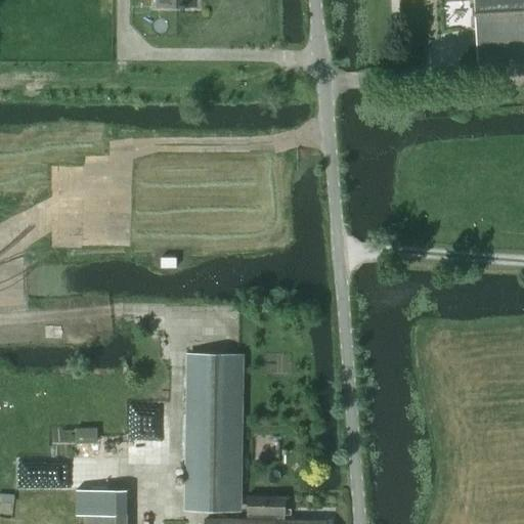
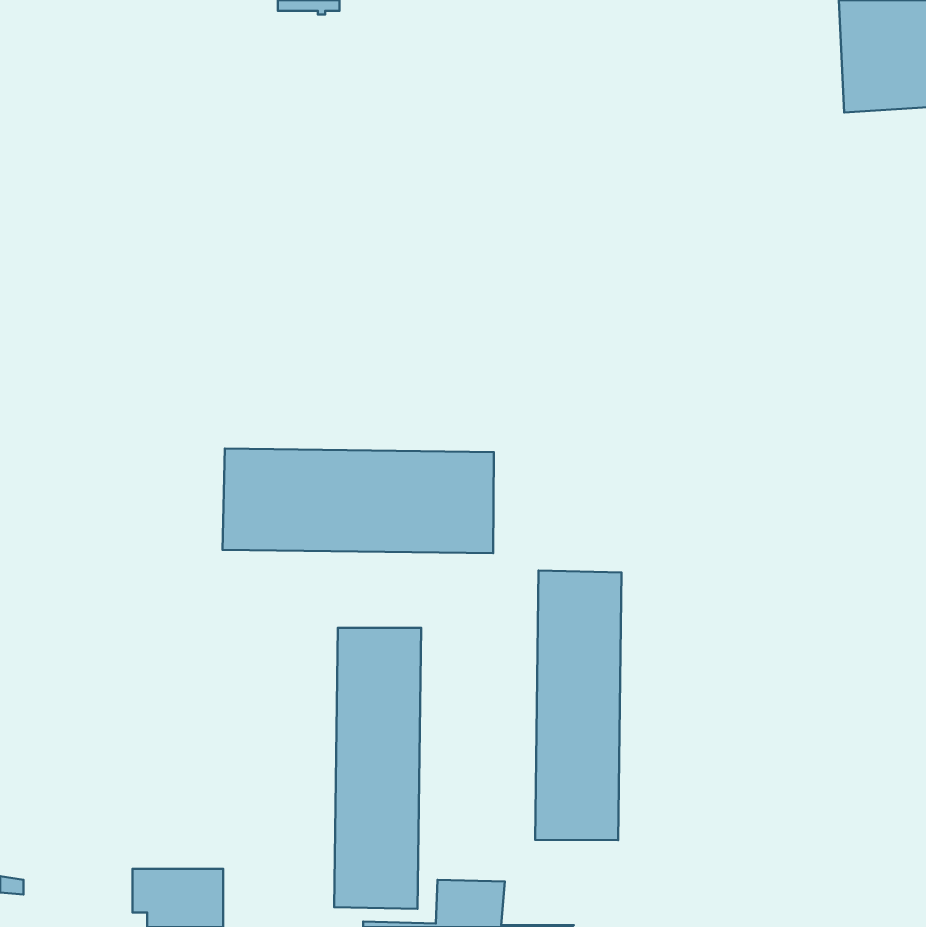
building: none -> [222,449,494,553]
building: none -> [535,570,622,840]

